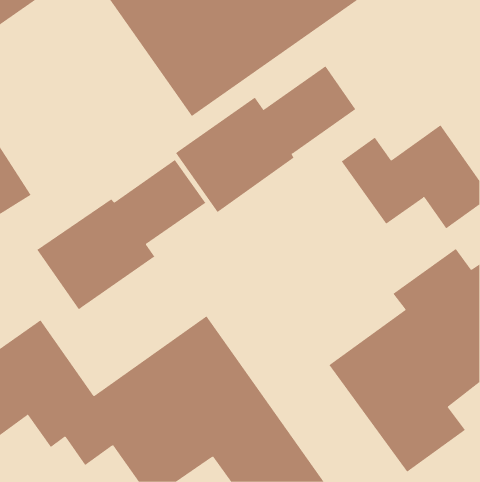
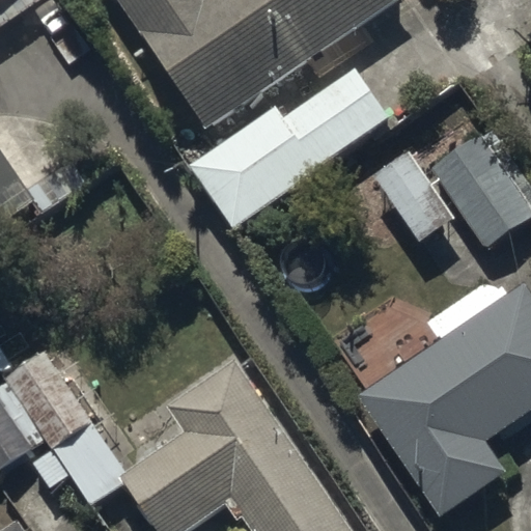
building: [36,159,206,310] -> none

